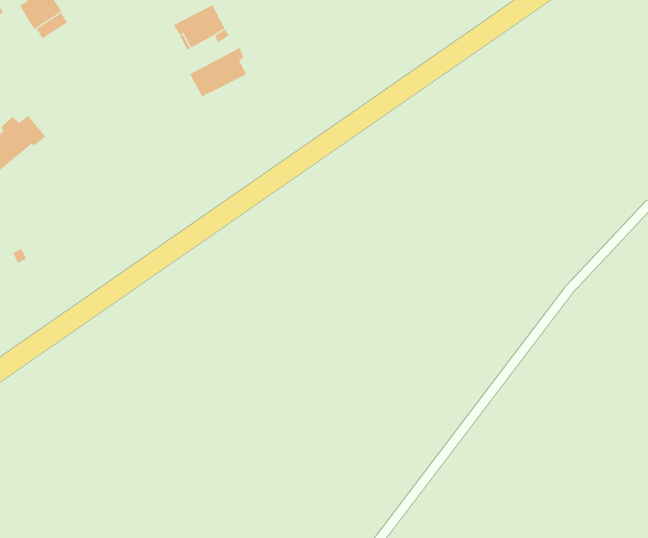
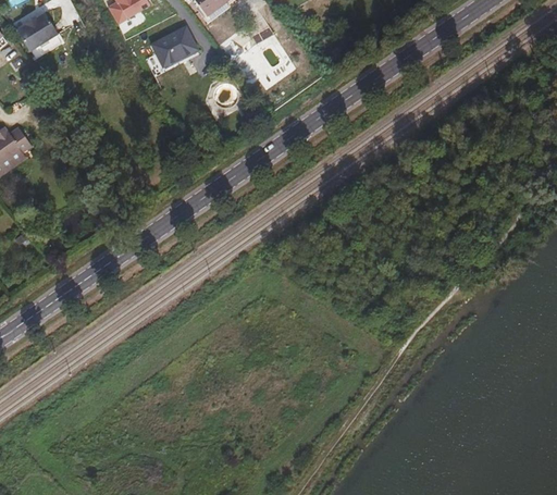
building: [190,47,247,97] -> none

